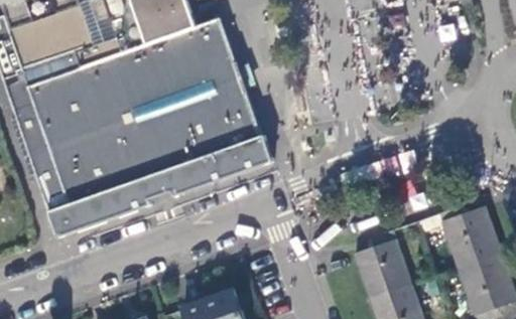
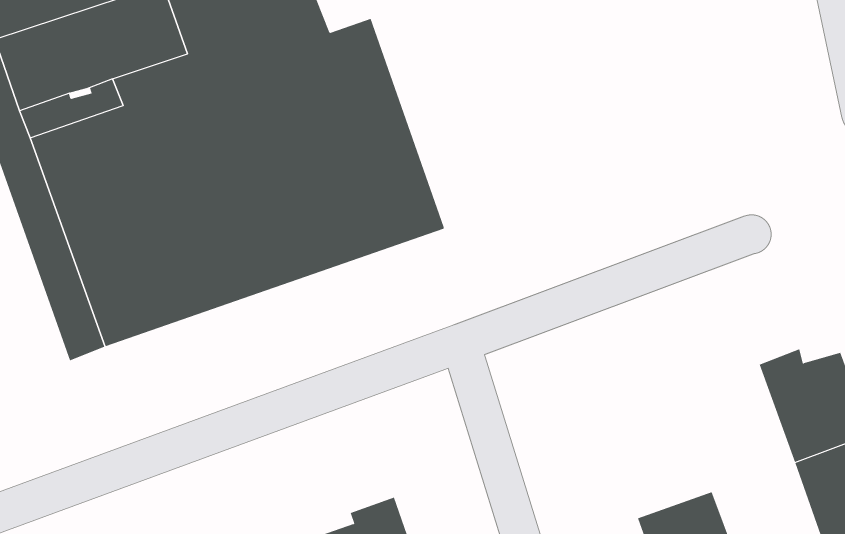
building: [49,135,273,238] -> none
building: [353,229,412,300] -> none

